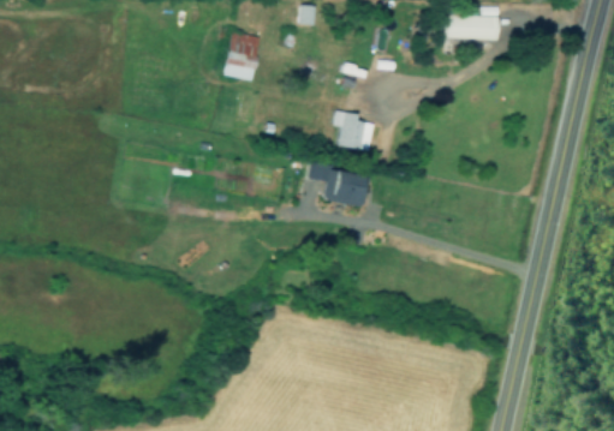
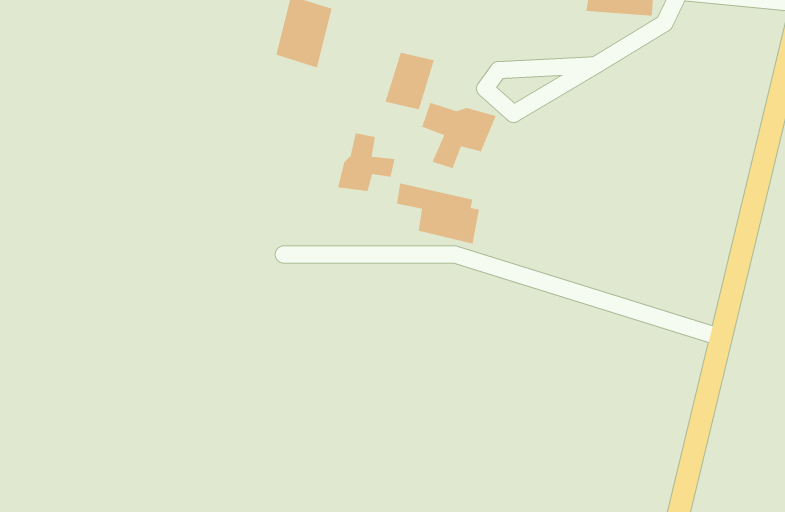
building: none -> [385,52,435,110]
building: none -> [337,132,395,192]

